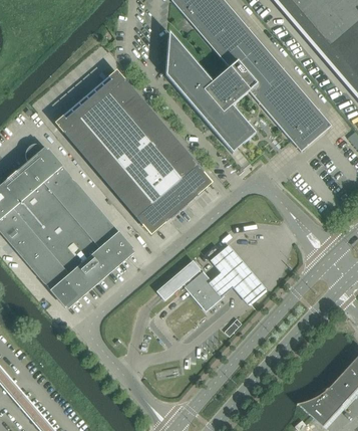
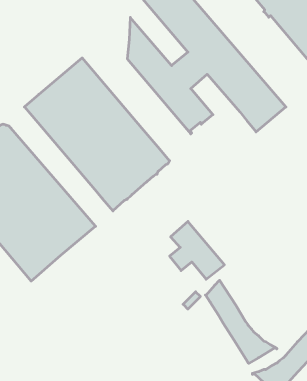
building: [156,259,222,309] -> none
building: none -> [205,280,277,363]

